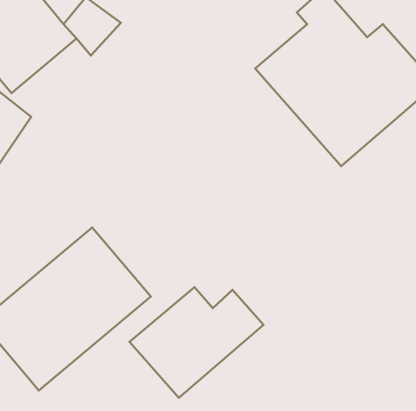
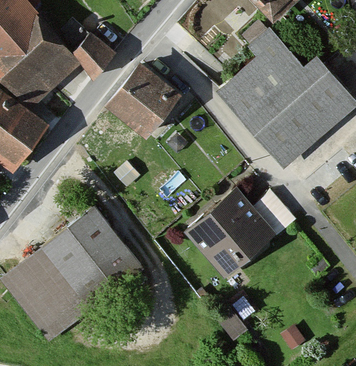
building: none -> [109,64,181,138]
building: [129,287,264,398] -> [190,190,293,275]

